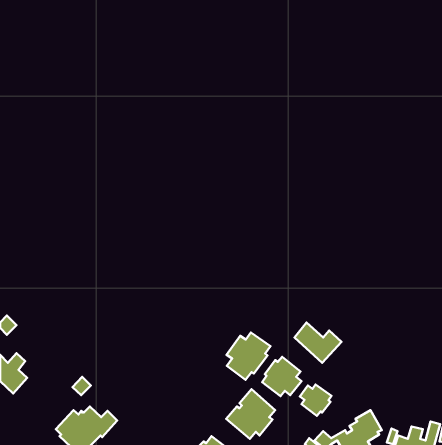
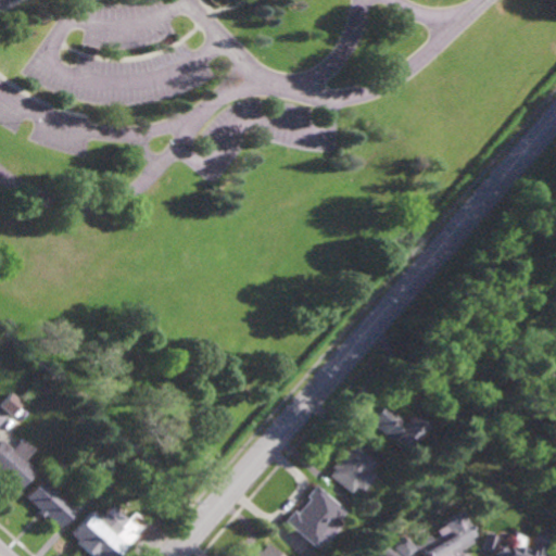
building: [226,332,270,380] -> none
building: [300,384,331,416] -> none
building: none -> [28,480,78,528]

